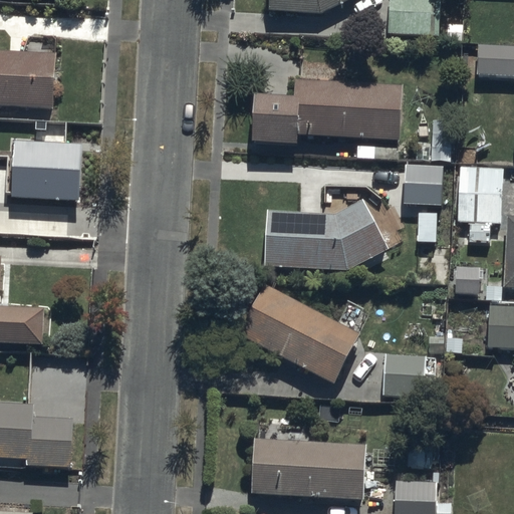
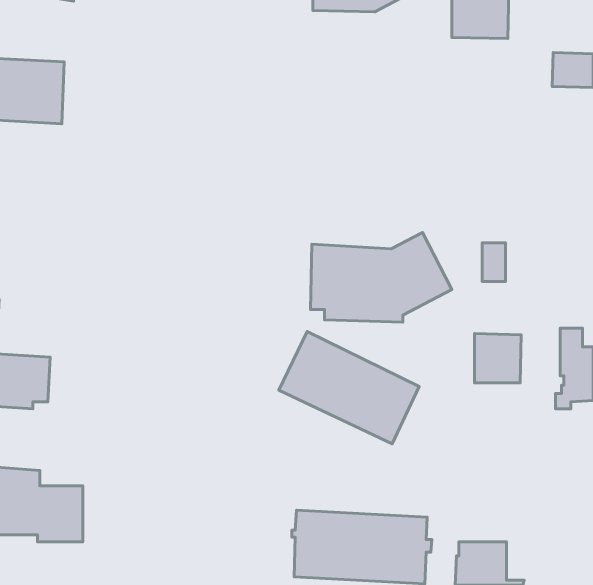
building: [253,81,403,145] -> none
building: [8,130,79,190] -> none
building: [405,165,443,202] -> none
building: [457,166,503,240] -> none
building: [383,351,424,394] -> [475,334,521,383]

